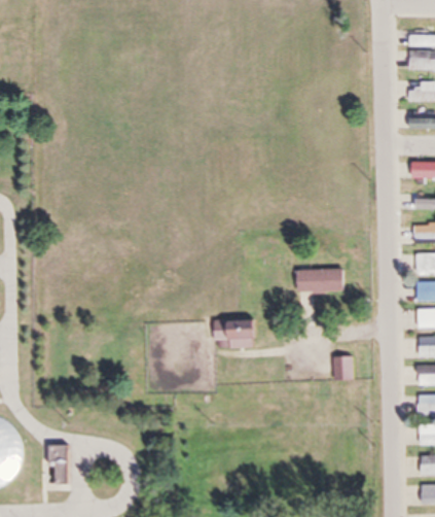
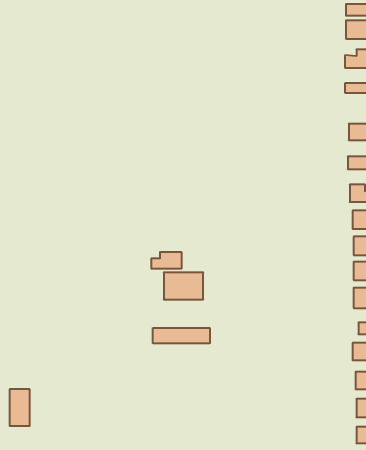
building: [297,270,343,292] -> none
building: none -> [151,252,181,269]
building: [332,356,352,380] -> none
building: none -> [153,328,210,343]

